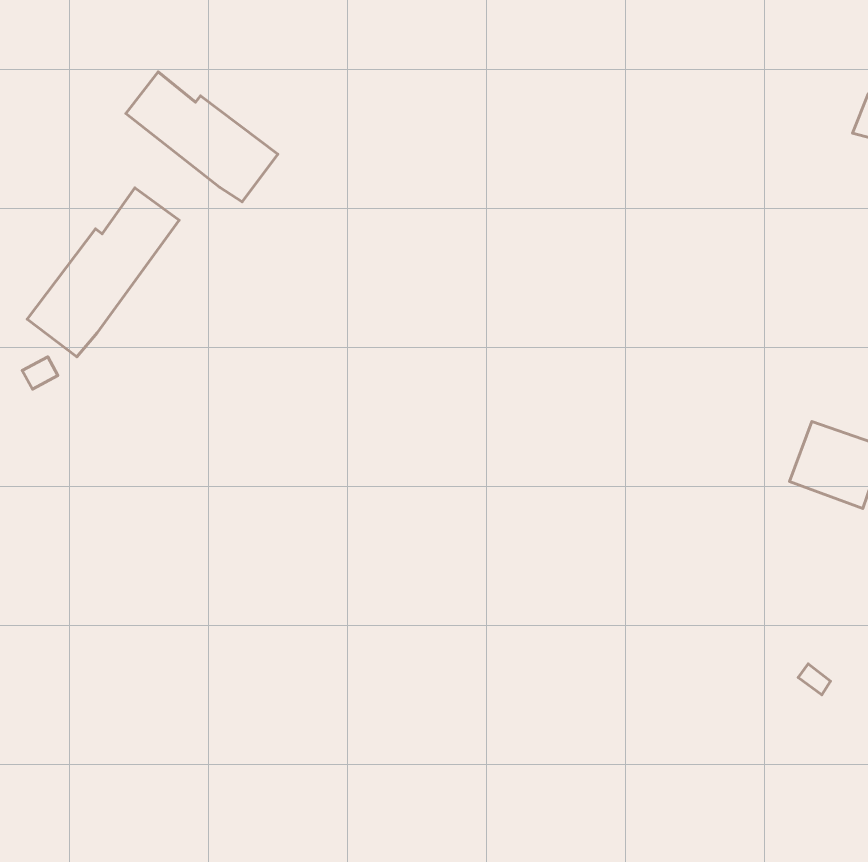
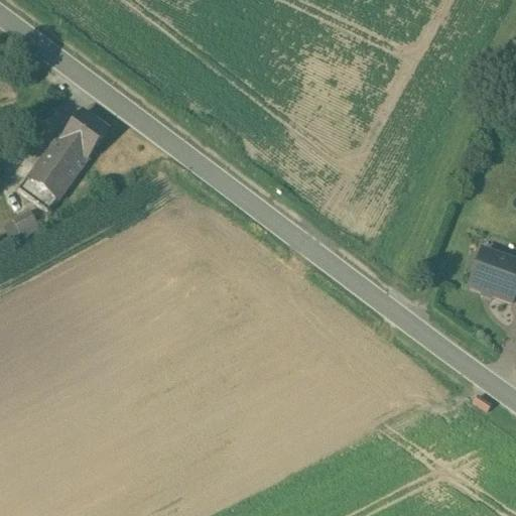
building: [126,72,278,202] -> none

